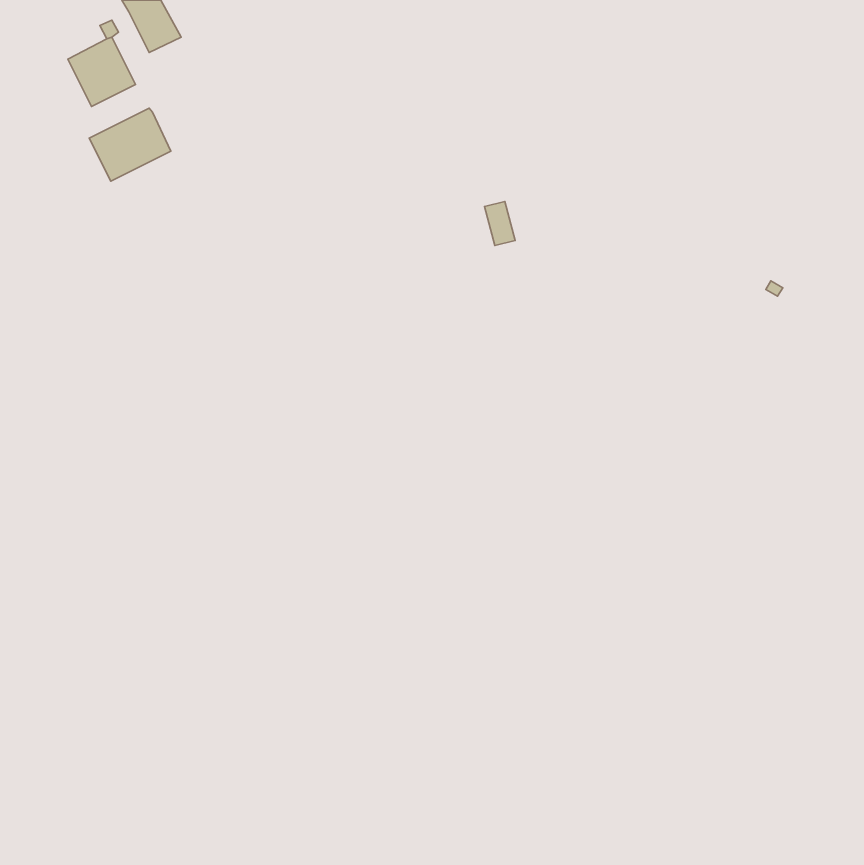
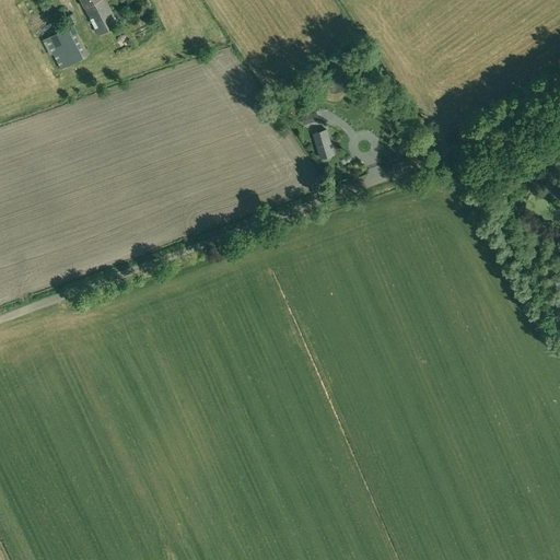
building: [89,108,171,181] -> none

